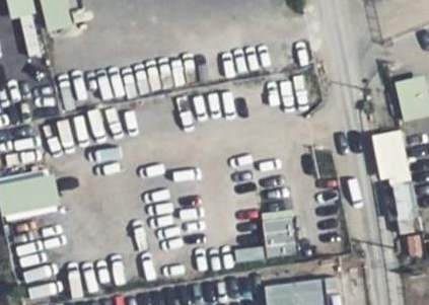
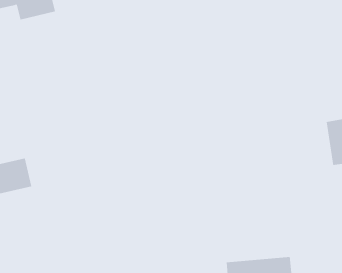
building: [263,217,297,255] -> none

